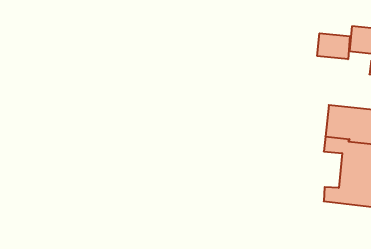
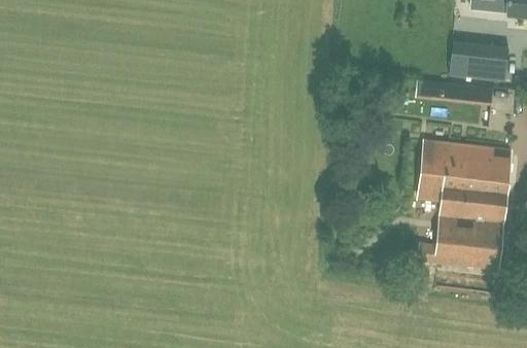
building: [317,33,350,59] -> none

